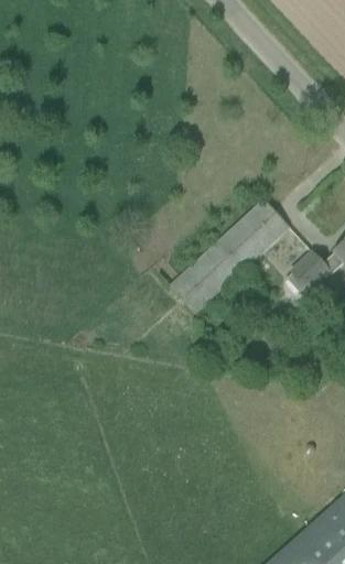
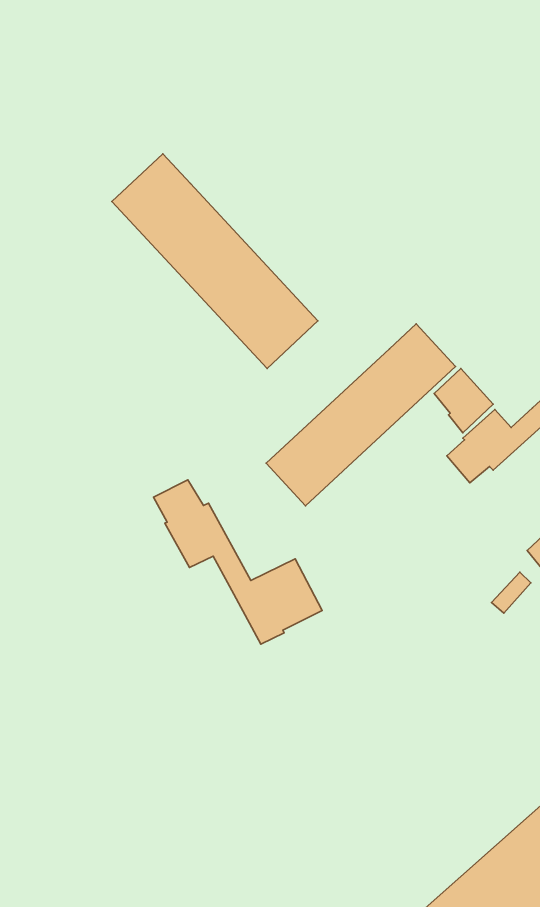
building: none -> [112,154,318,368]
building: none -> [154,480,322,644]

